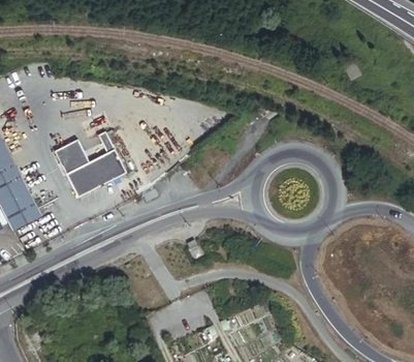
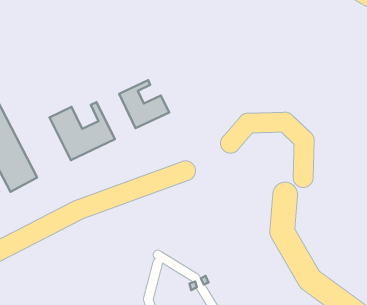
building: none -> [119,80,169,128]

